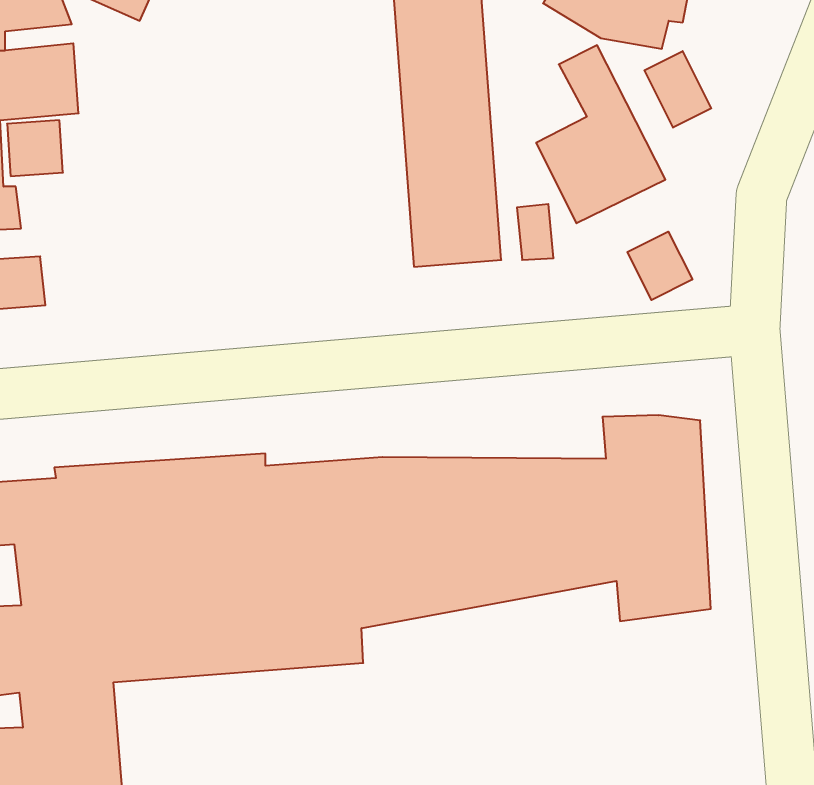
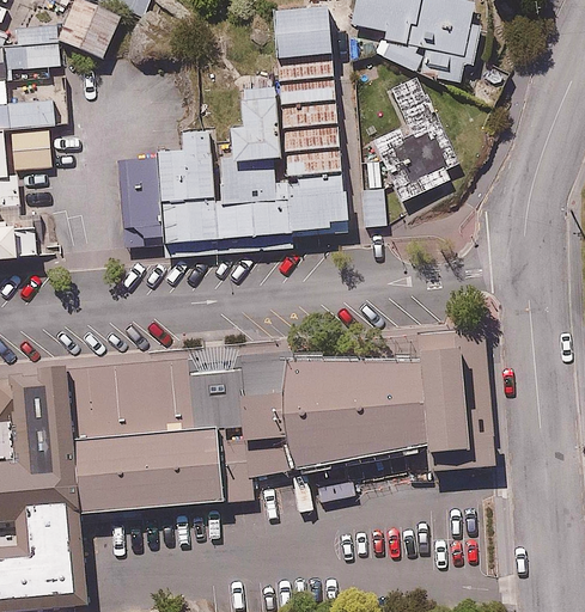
building: [644,51,711,128] -> none
building: none -> [115,87,286,243]
building: [627,232,692,300] -> none

